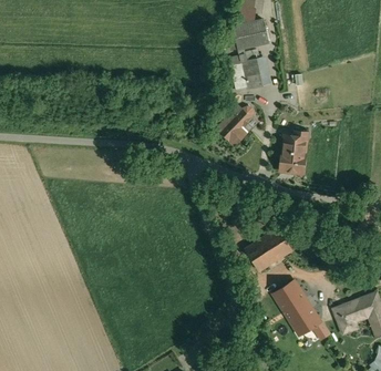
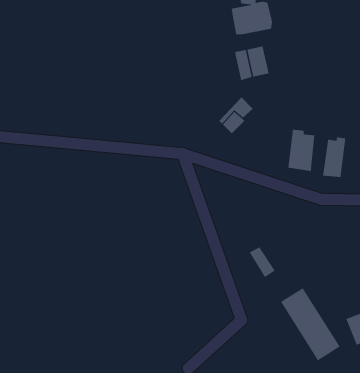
building: none -> [322,136,346,178]
building: [255,227,292,265] -> none

